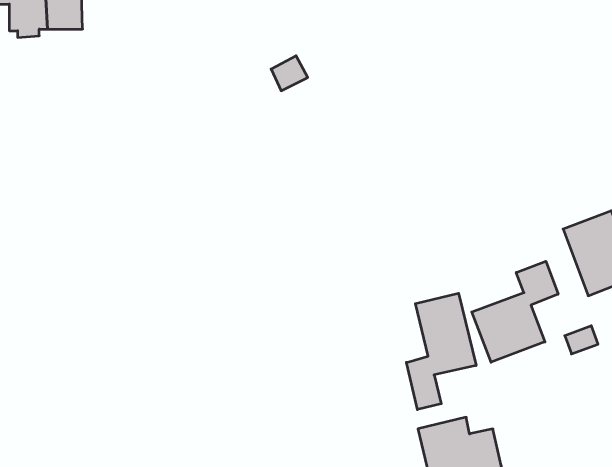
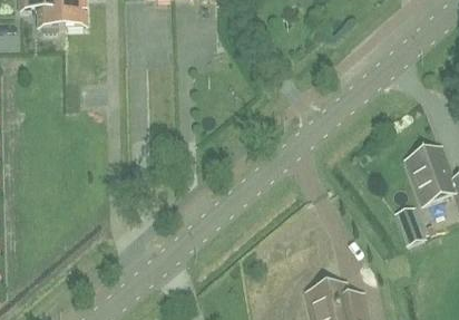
building: [472,261,558,362] -> none
building: [406,293,476,410] -> none

